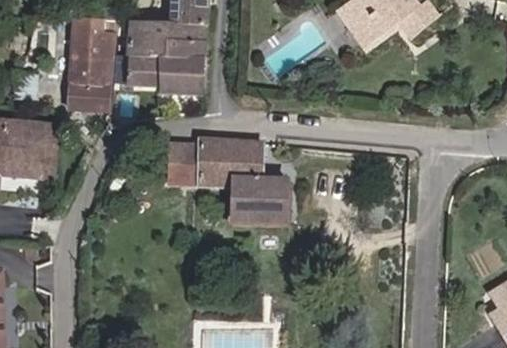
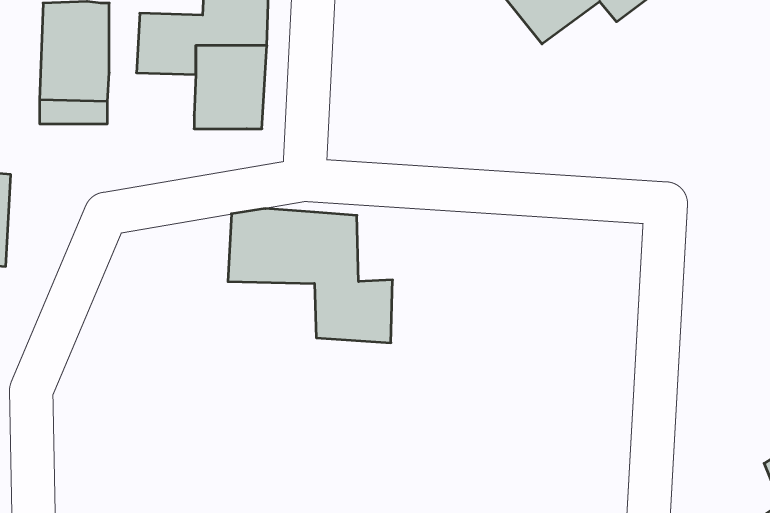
building: [128,61,163,86] -> none
building: [71,91,111,112] -> none

